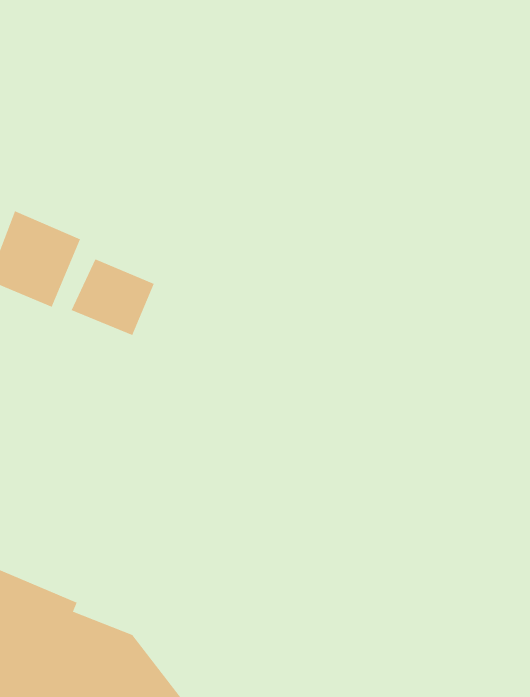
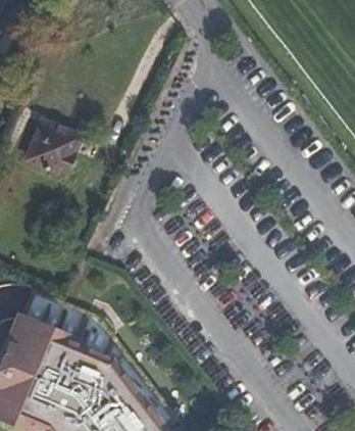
building: [71,258,154,336] -> none

